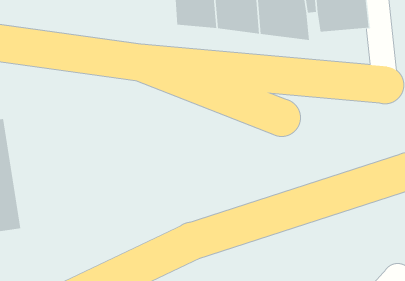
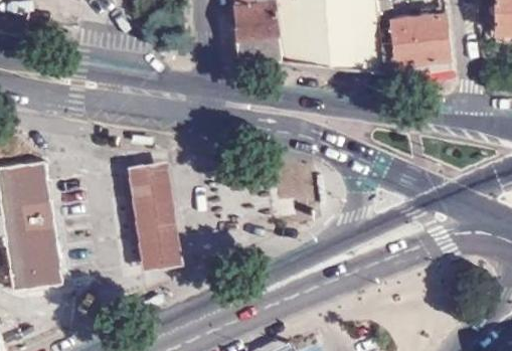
building: none -> [129,161,183,273]

